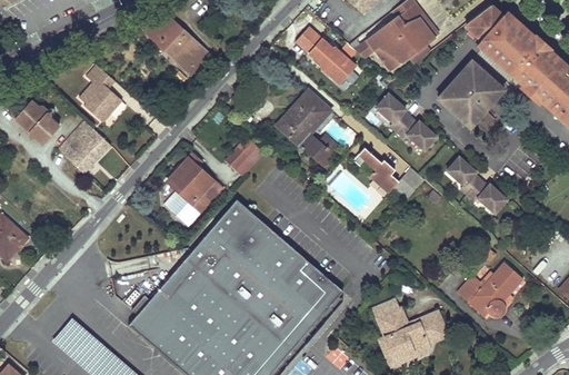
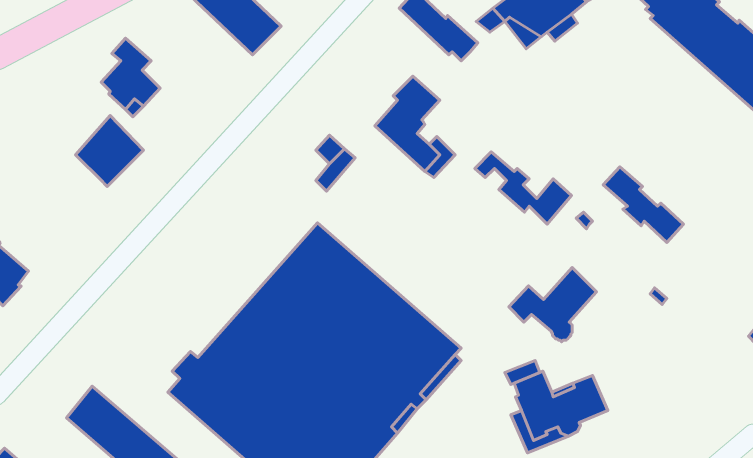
building: [439,58,503,124] -> none
building: [377,93,437,150] -> none
building: [14,99,59,142] -> none
building: [163,152,221,225] -> none
building: [457,261,521,316] -> [509,268,596,342]

